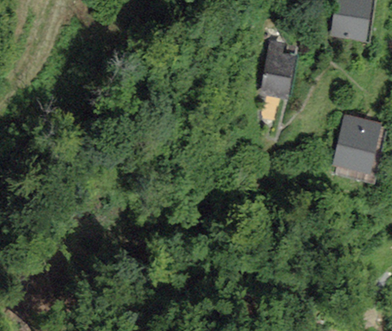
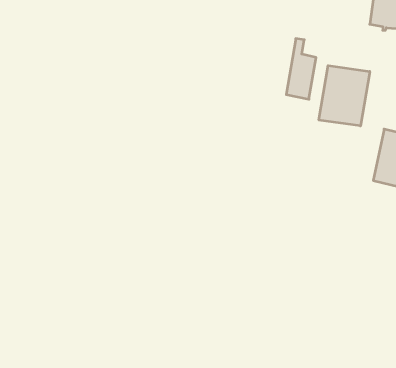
building: none -> [319,66,370,126]

